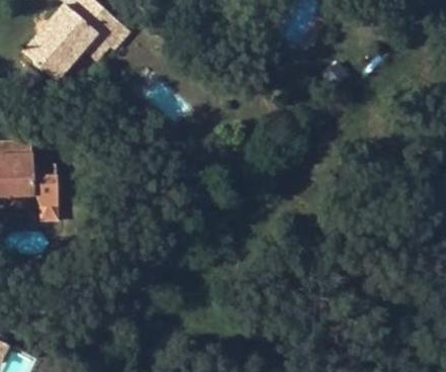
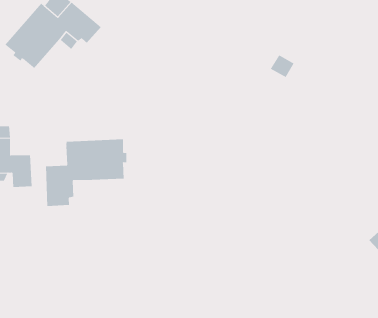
building: none -> [45,139,127,207]

